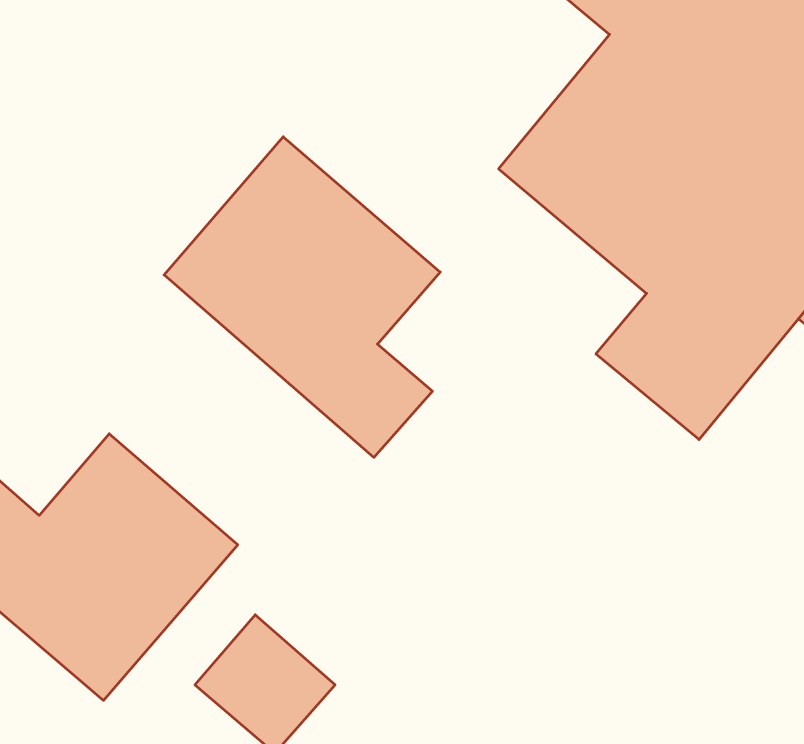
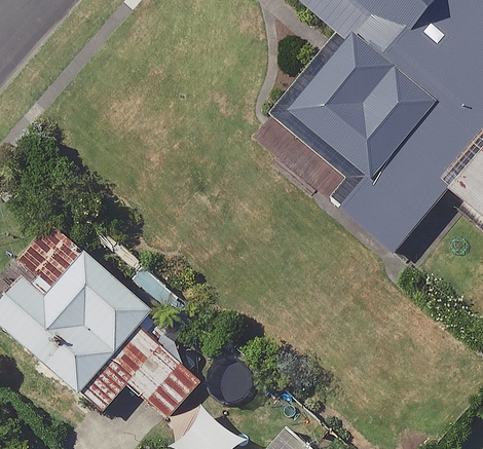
building: [164,137,440,457] -> none

